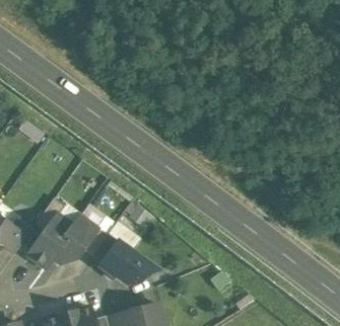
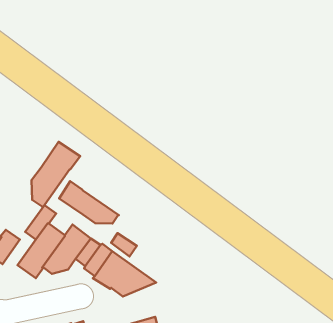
building: none -> [32,142,80,208]
building: none -> [59,181,119,224]

